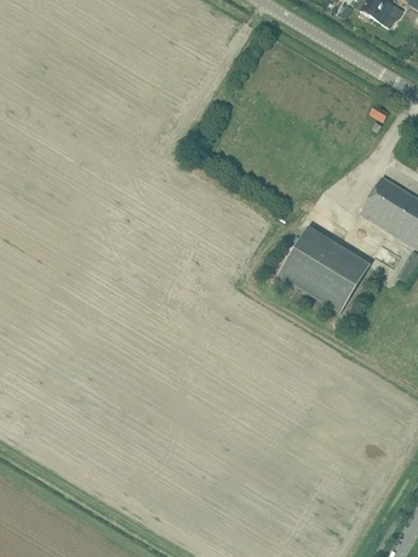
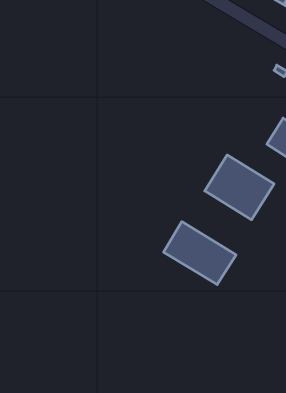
building: none -> [164,222,236,285]

